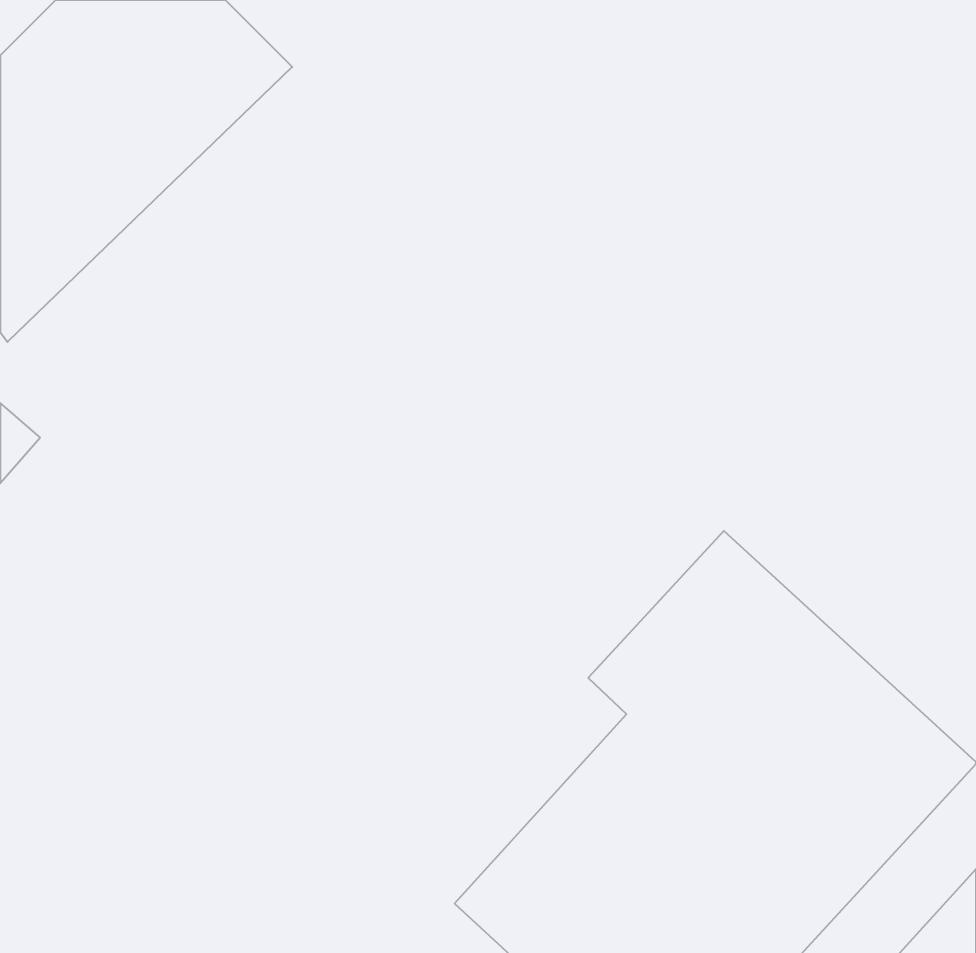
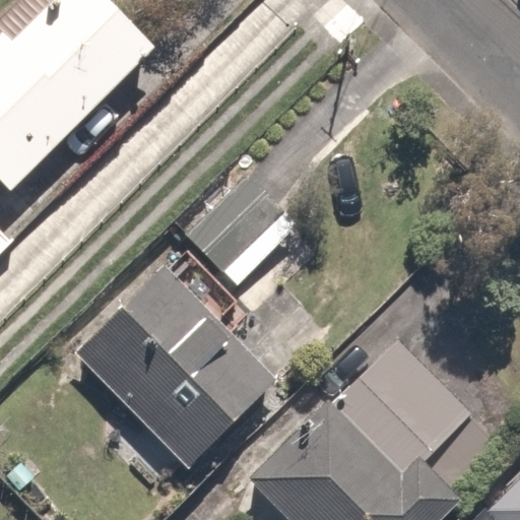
building: none -> [73,270,274,467]

